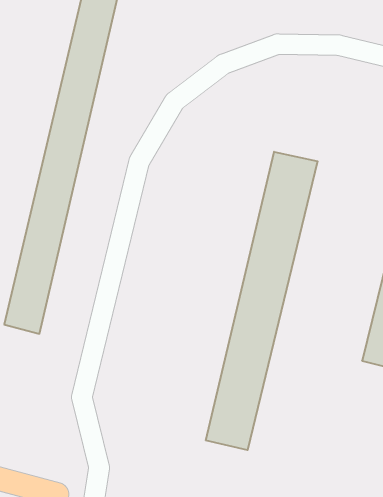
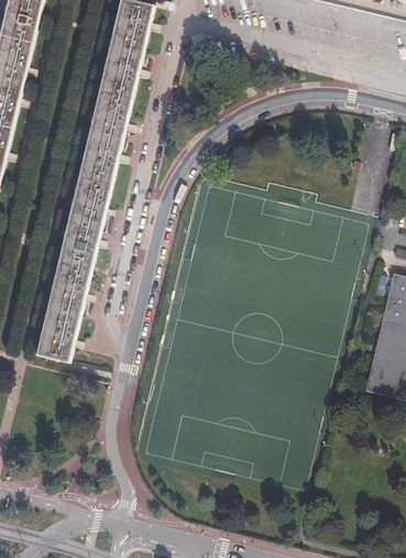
building: [206,152,318,450] -> none

